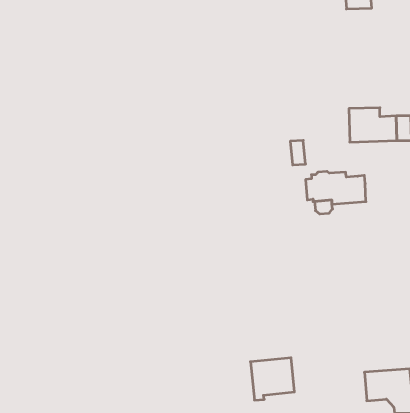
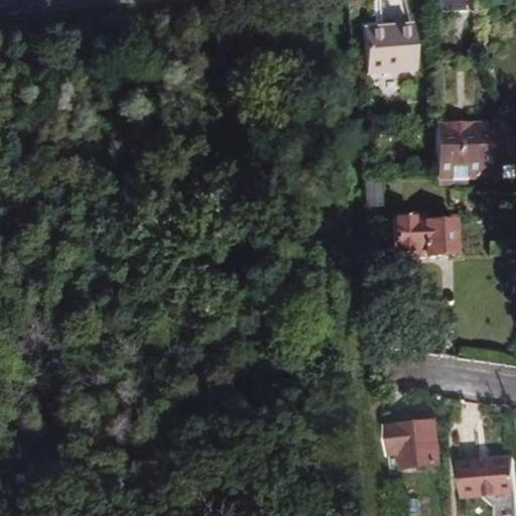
building: none -> [364,23,417,73]
building: [250,358,294,400] -> [386,416,440,469]

